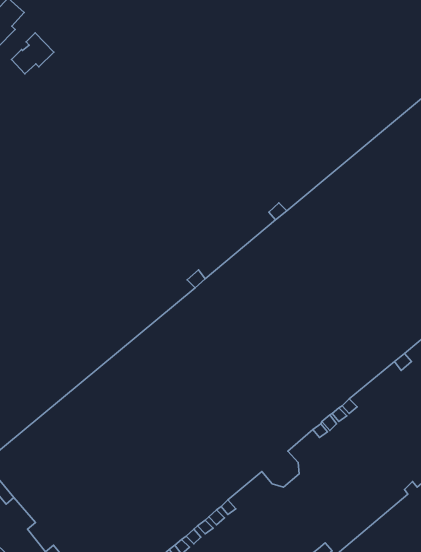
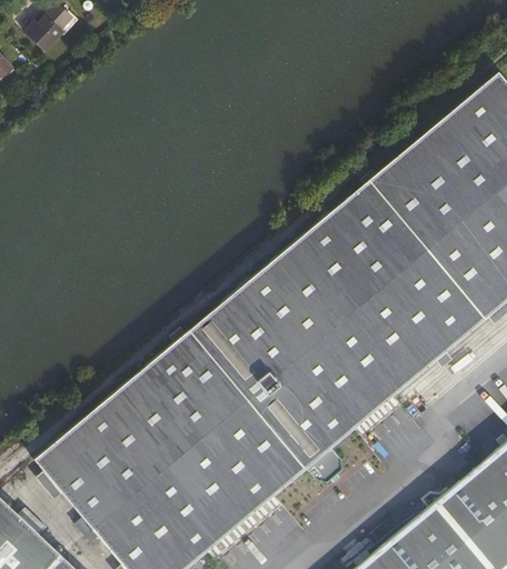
building: [11,33,54,74] -> none

